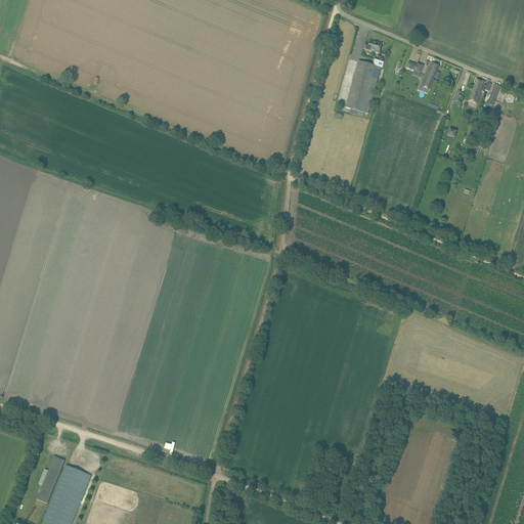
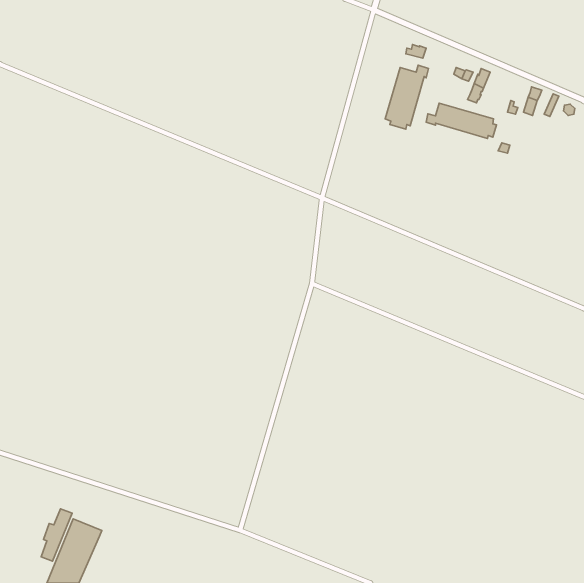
building: none -> [426,103,496,138]

